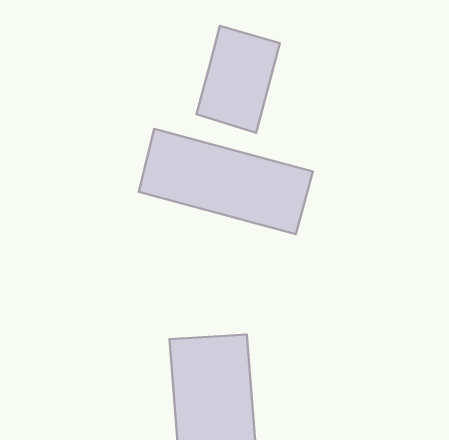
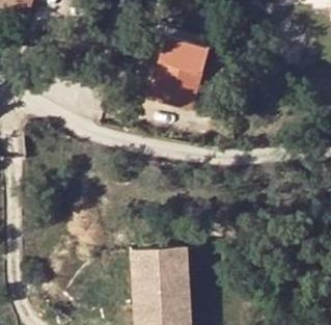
building: [139,129,313,234] -> none

